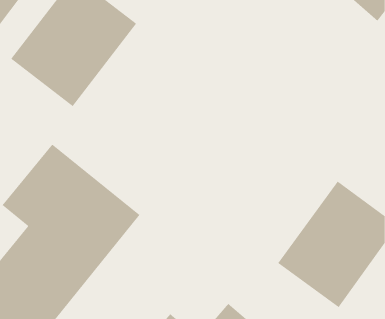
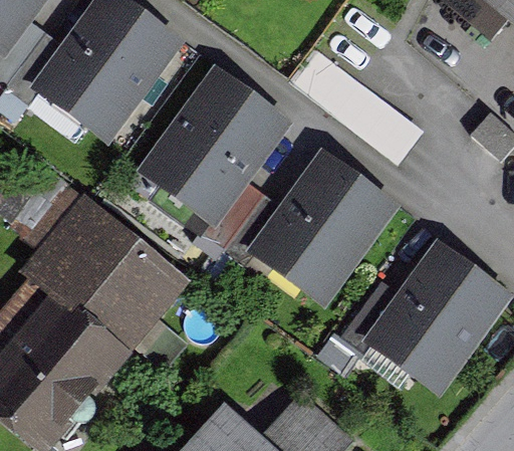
building: none -> [136,63,294,229]
building: none -> [244,145,402,310]

